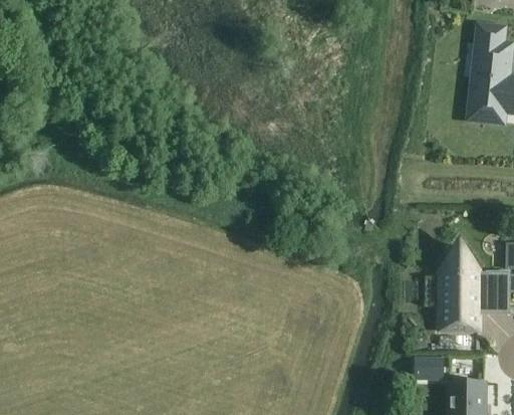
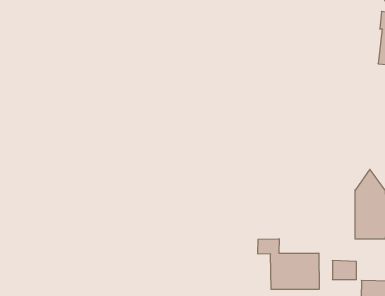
building: none -> [258,239,319,289]

